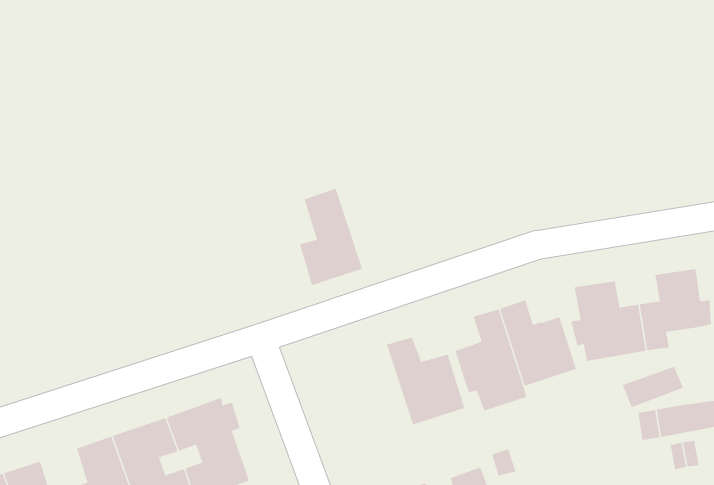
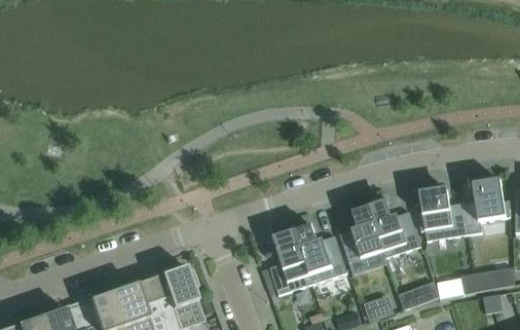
building: [299,188,363,286] -> [270,229,312,294]
building: [622,366,684,408] -> [399,282,440,309]

